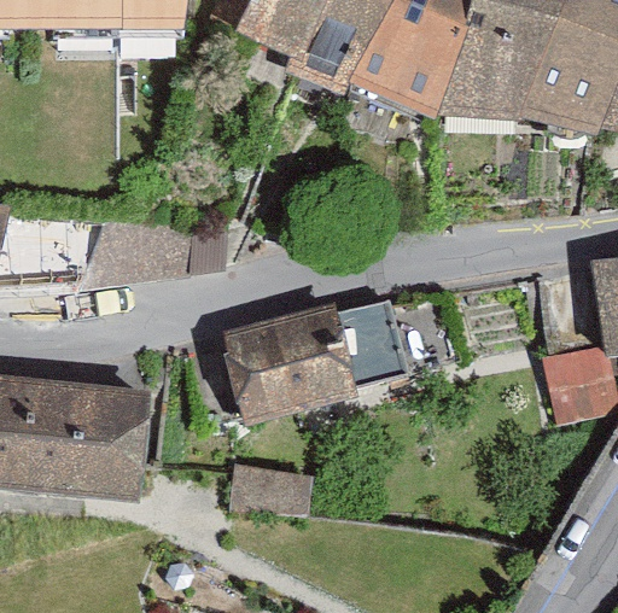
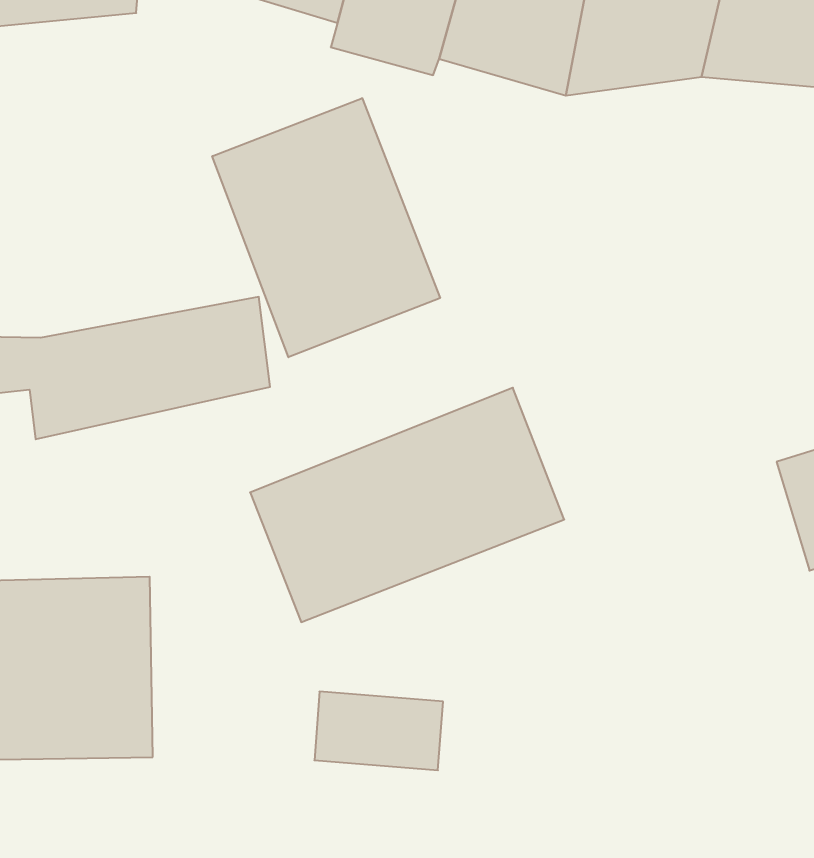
building: none -> [212,98,440,357]

